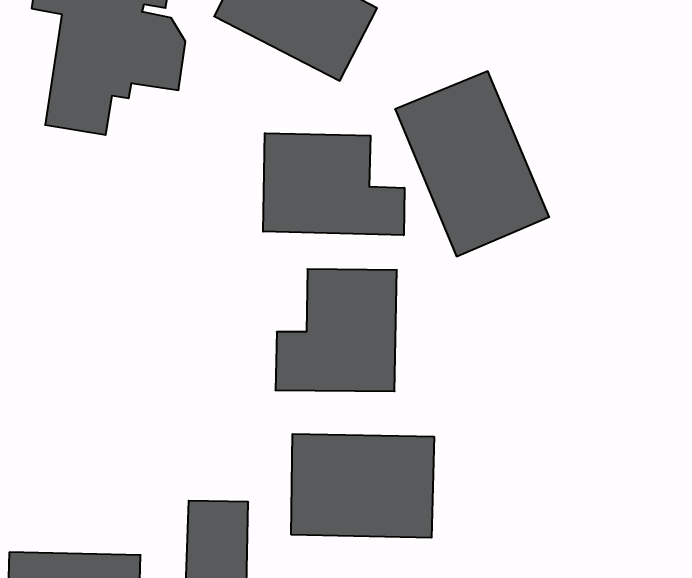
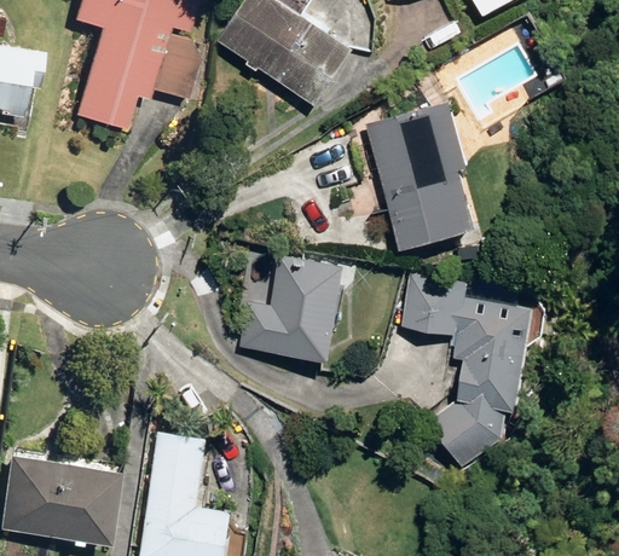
building: [263,133,404,235] -> none
building: none -> [400,273,539,464]
building: [291,434,434,538] -> none

